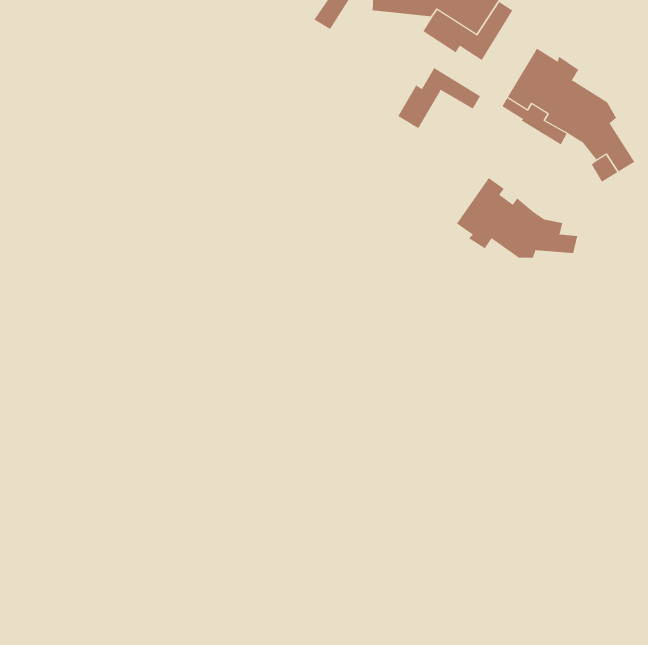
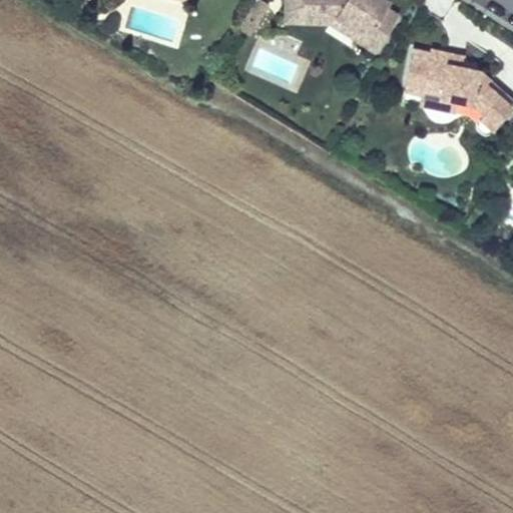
building: [397,67,481,129] -> none
building: [456,177,578,259] -> none

